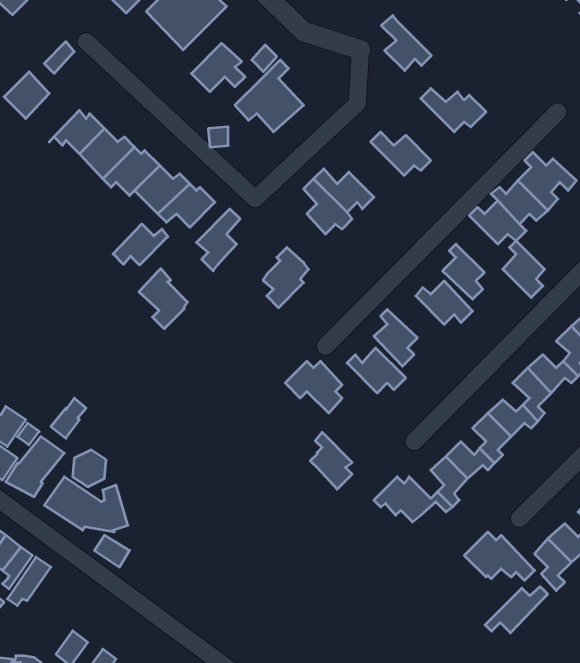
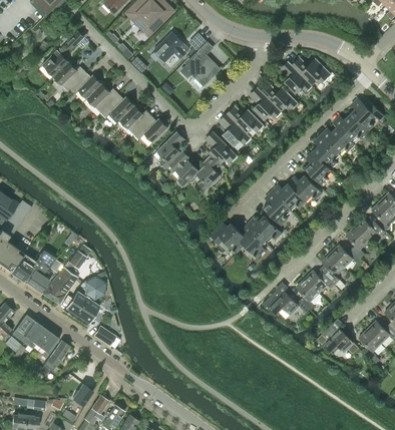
building: [381,15,431,71] -> [281,61,311,94]
building: none -> [54,62,86,91]
building: none -> [251,87,281,120]
building: none -> [207,131,237,163]
building: [113,224,168,265] -> none
building: [503,241,545,298] -> [312,135,337,169]
building: [139,269,188,329] -> [169,150,199,186]
building: none -> [271,183,305,208]
building: [310,432,352,489] -> [240,224,265,258]
building: [485,587,548,633] -> none

